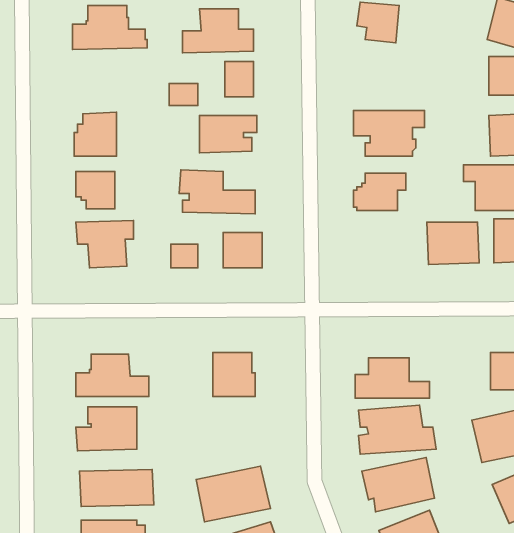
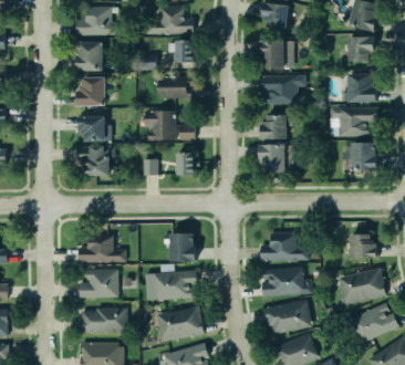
building: none -> [75,40,102,69]
building: none -> [259,41,285,70]
building: [427,222,479,265] -> [260,145,294,173]
building: none -> [153,269,196,299]

